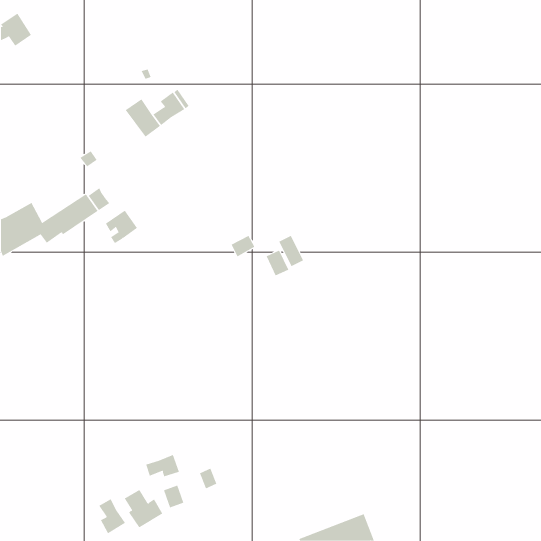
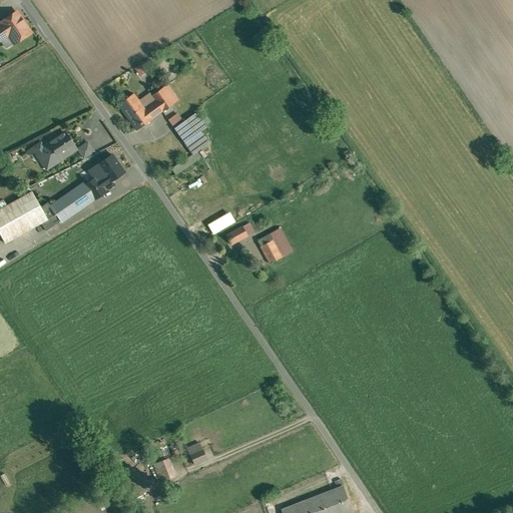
building: none -> [168,114,197,143]
building: none -> [32,132,73,167]
building: [105,210,138,244] -> [91,155,122,187]
building: [145,454,180,477] -> none
building: [99,498,126,534] -> none

